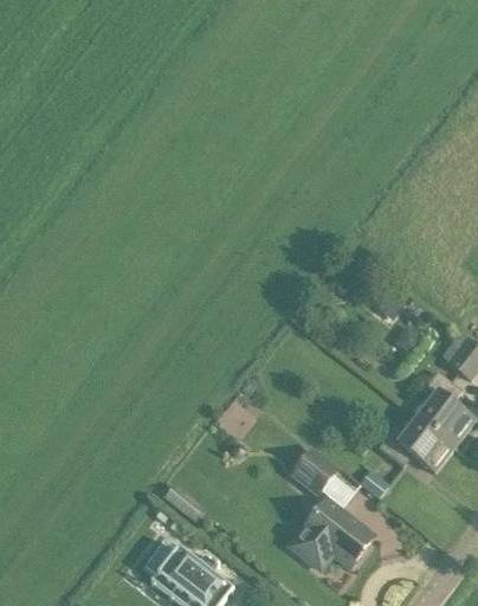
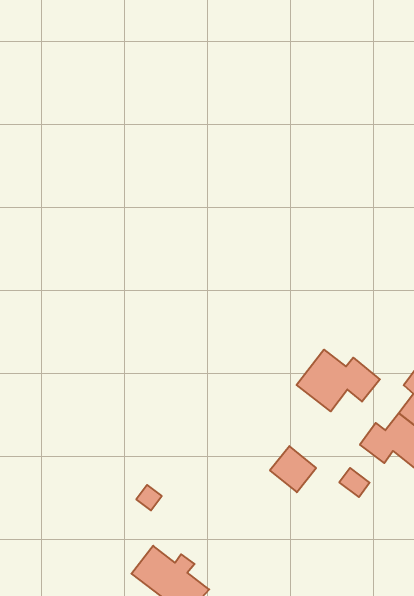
building: none -> [297,350,380,411]
building: [290,498,373,568] -> none

